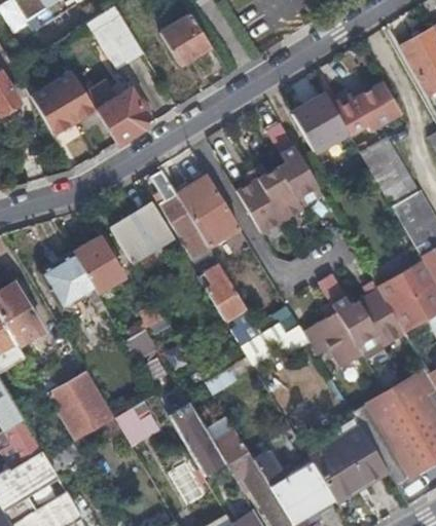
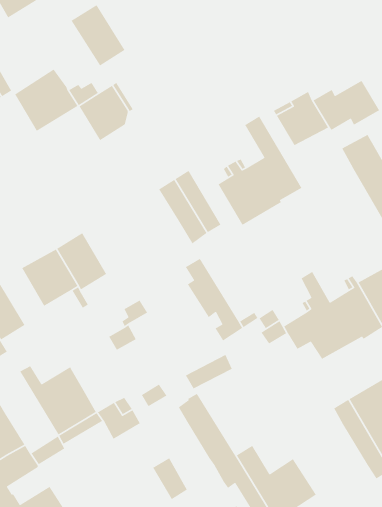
building: [160,13,211,65] -> none
building: [148,170,213,264] -> none
building: [110,201,174,264] -> none
building: [170,404,226,476] -> none
building: [311,429,386,500] -> none

